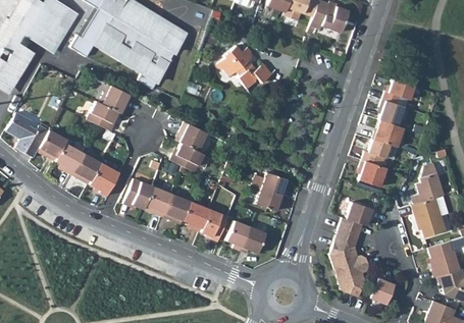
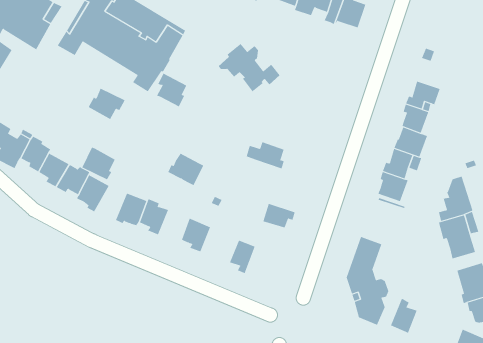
building: [88,101,118,130] -> [81,147,116,180]
building: [179,121,207,152] -> [156,73,187,107]
building: [253,171,288,196] -> [246,142,285,169]
building: [163,194,192,220] -> none
building: [347,201,377,225] -> none
building: [201,209,228,241] -> none
building: [241,226,266,253] -> none

